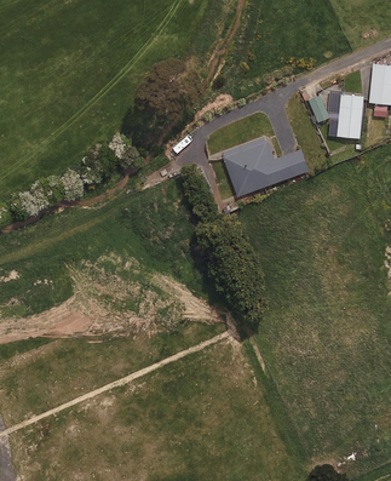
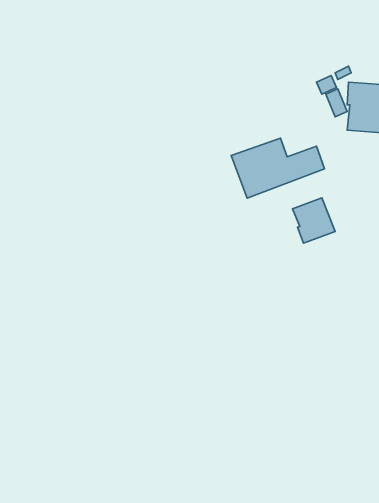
building: none -> [292,198,335,243]

